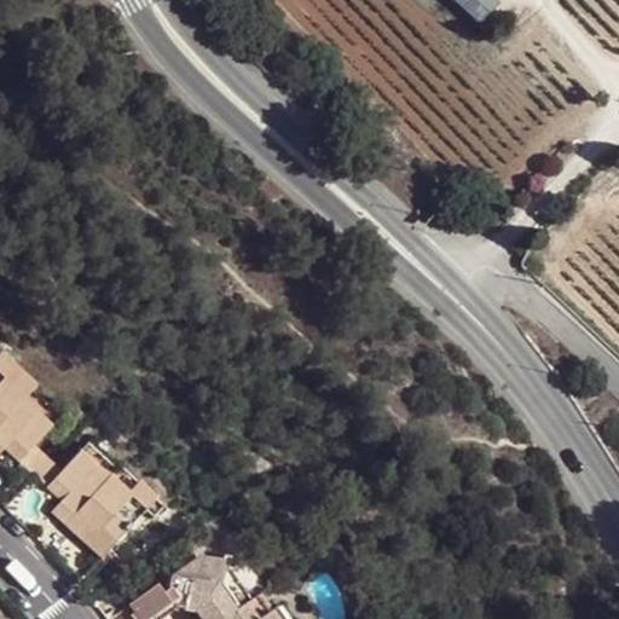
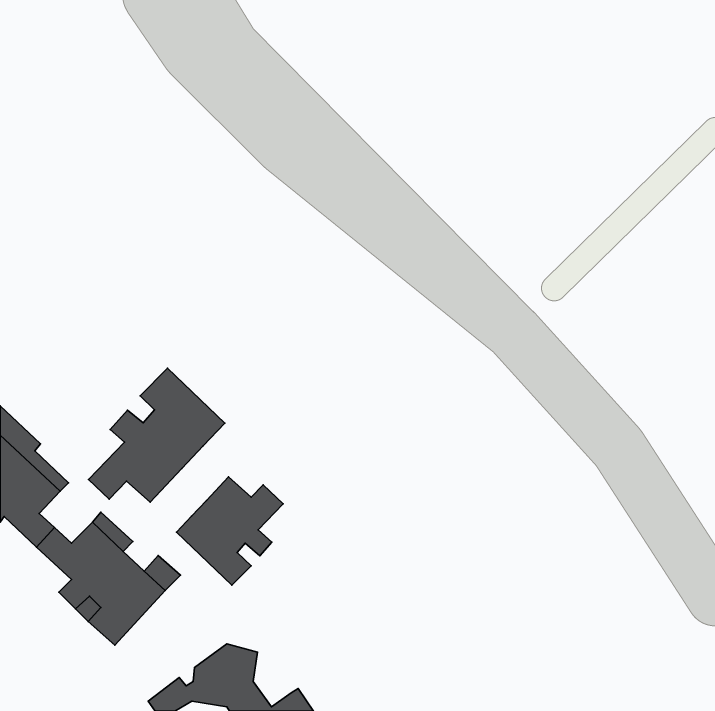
building: none -> [89,368,225,502]
building: none -> [176,477,283,585]

